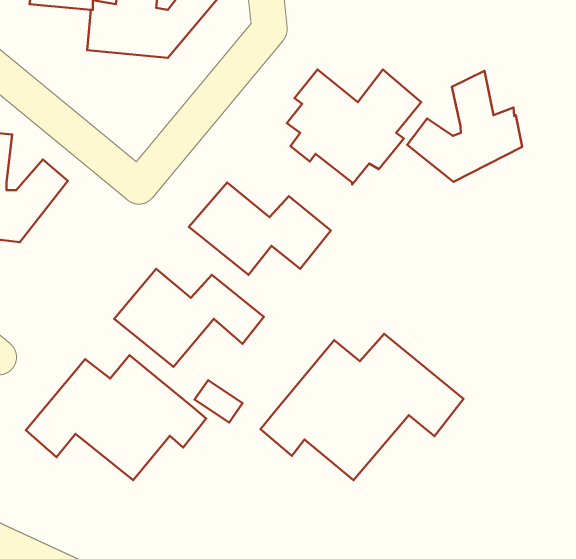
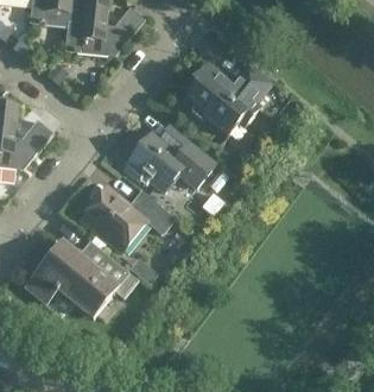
building: [407,71,522,182] -> none
building: [261,334,464,480] -> none

